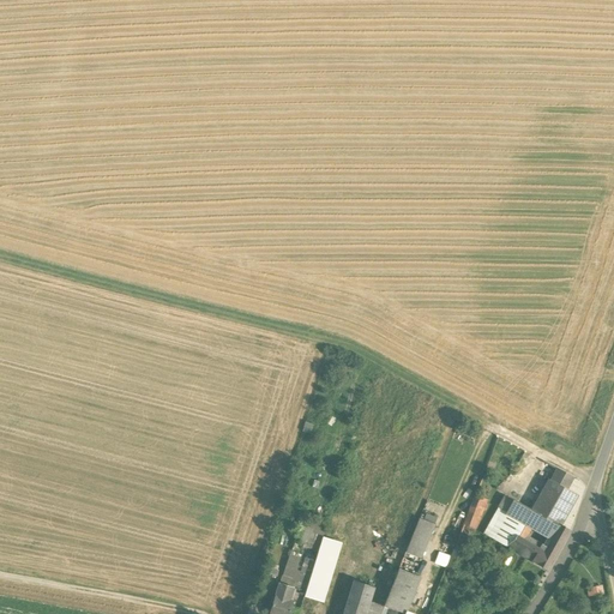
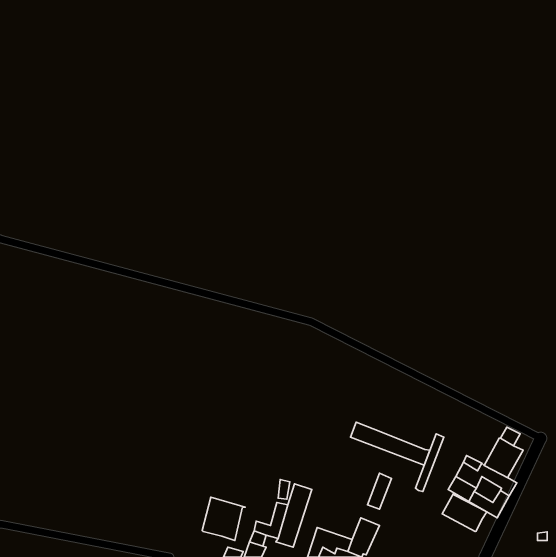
building: none -> [350,422,430,465]
building: none -> [442,493,487,532]
building: none -> [202,497,245,541]

